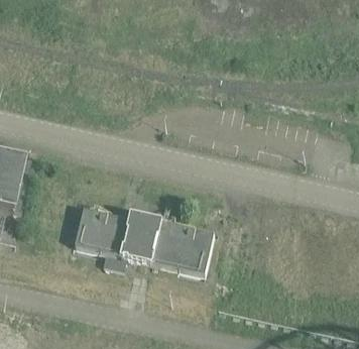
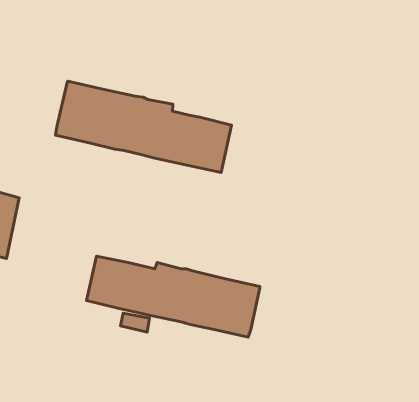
building: none -> [56,81,232,172]

